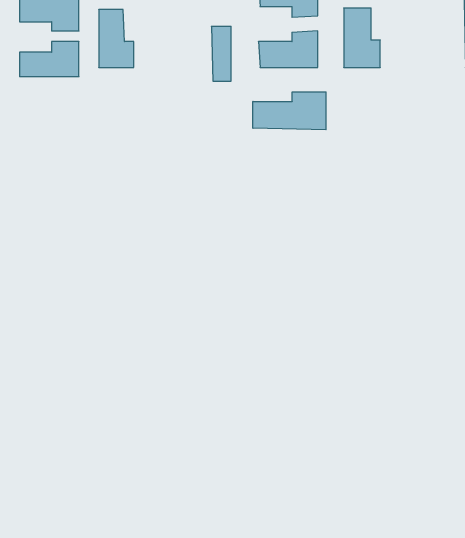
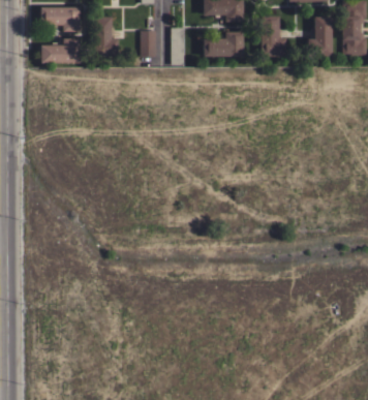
building: none -> [308,17,332,56]
building: none -> [141,30,156,56]
building: [253,92,326,130] -> none

